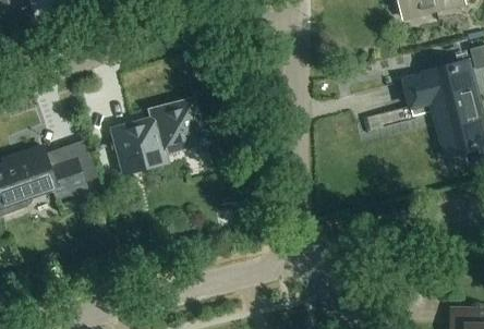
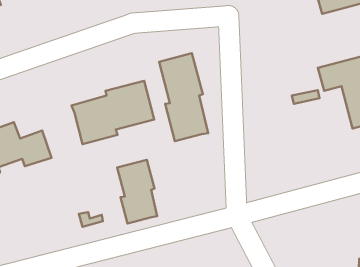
building: none -> [159,53,208,141]
building: none -> [117,160,157,223]

